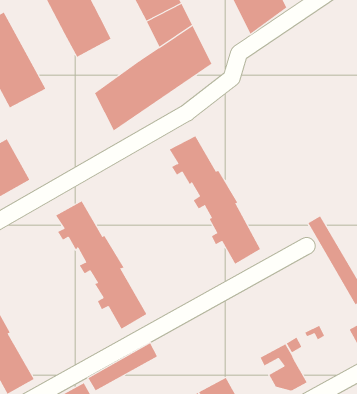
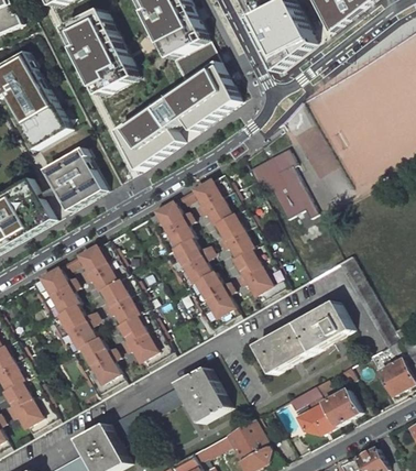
building: none -> [44,147,105,210]
building: none -> [247,147,317,218]
building: none -> [145,201,239,333]
building: none -> [30,267,123,398]
building: none -> [254,300,351,373]
building: none -> [180,369,231,425]
building: none -> [321,388,359,425]

